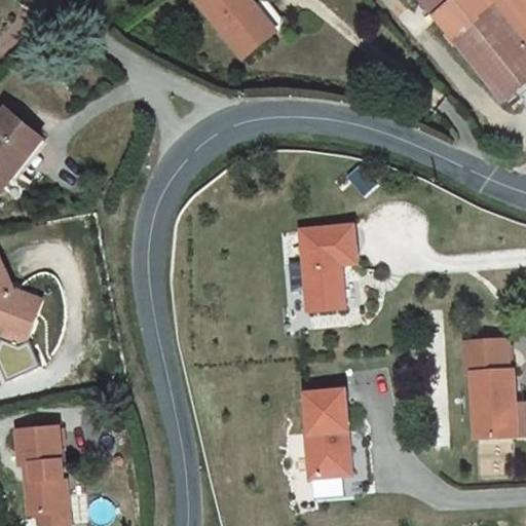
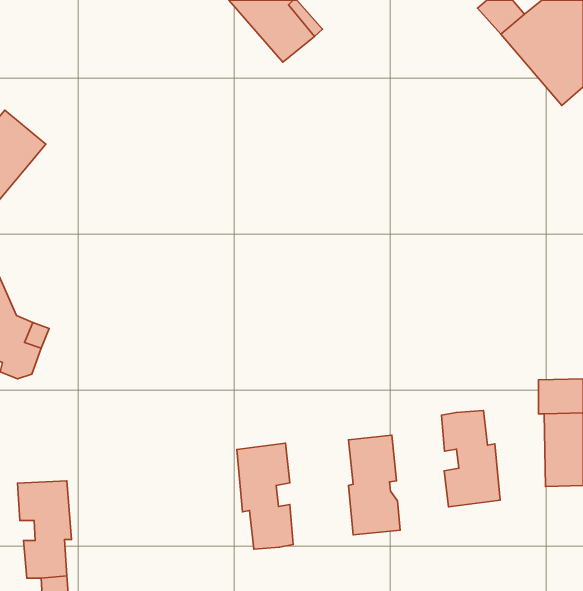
building: [307,218,363,302] -> none
building: none -> [442,410,500,507]
building: none -> [237,443,293,549]

